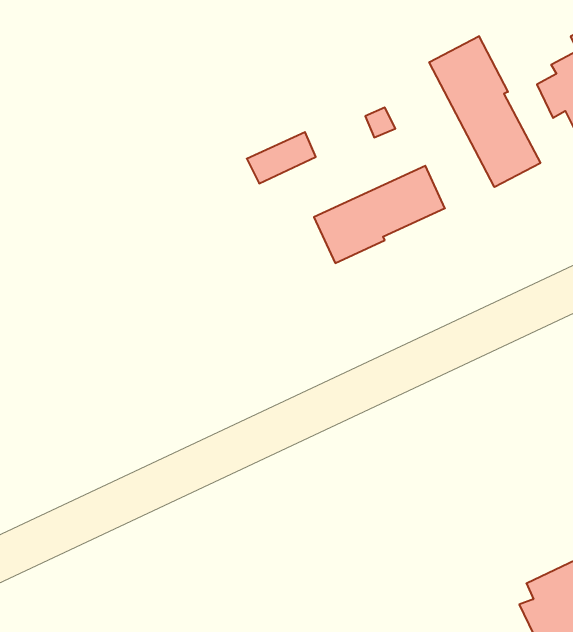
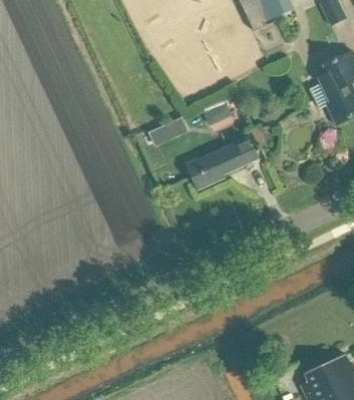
building: [429,36,540,187] -> none

